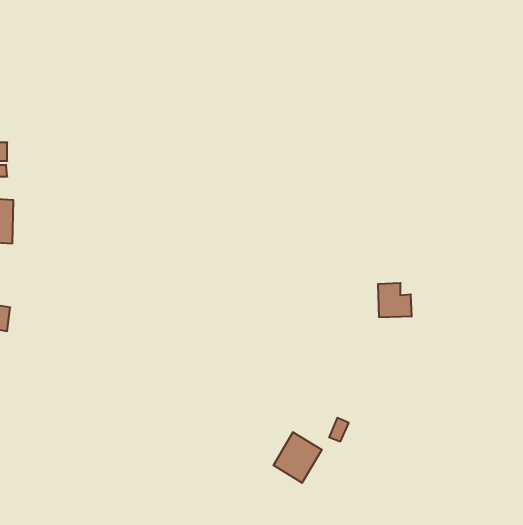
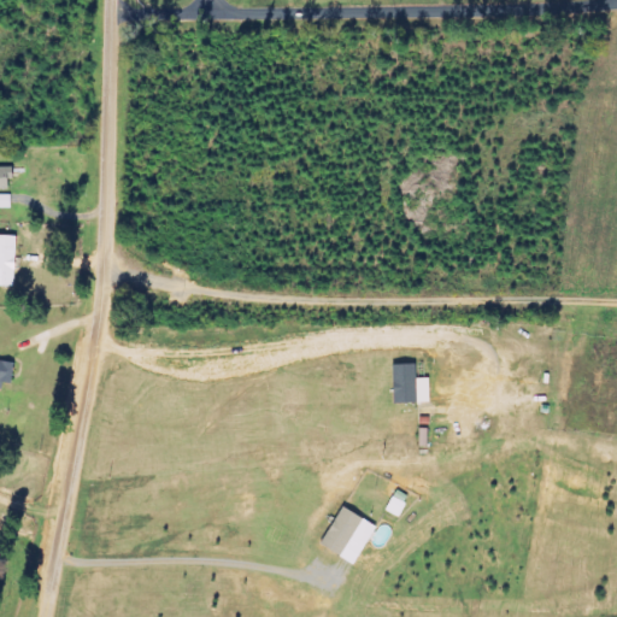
building: [378,283,412,317] -> [389,363,429,402]

